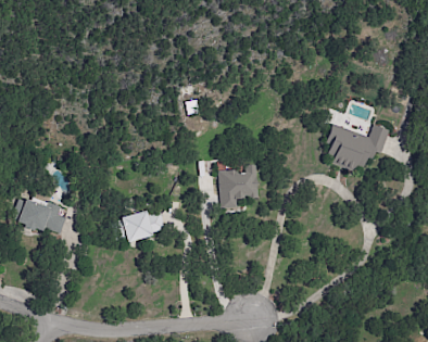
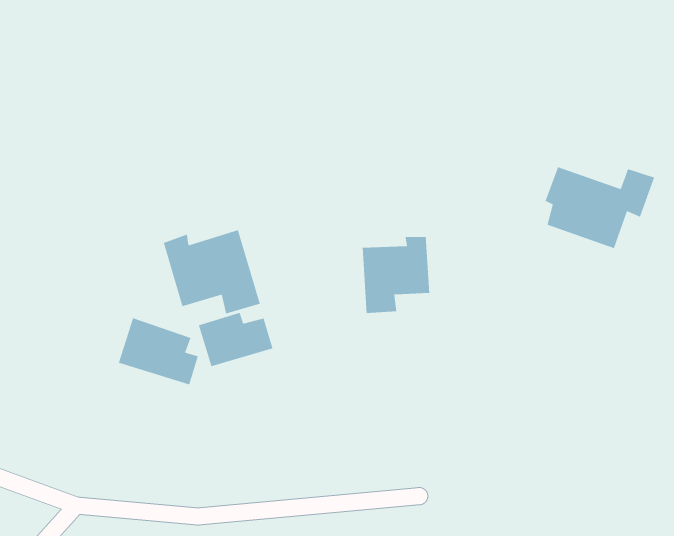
building: none -> [163,229,261,315]
building: [17,195,65,236] -> [118,317,199,385]

